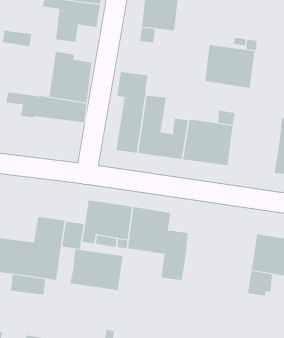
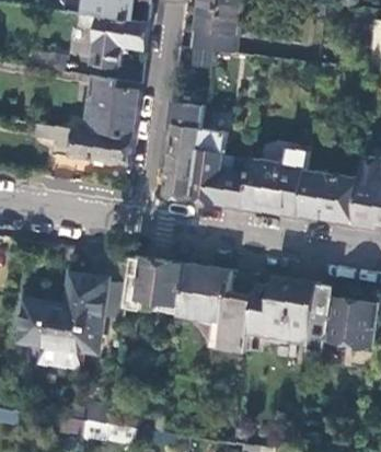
building: [204,45,256,89] -> [299,172,360,224]
building: none -> [247,277,319,341]
building: [70,249,123,291] -> none

